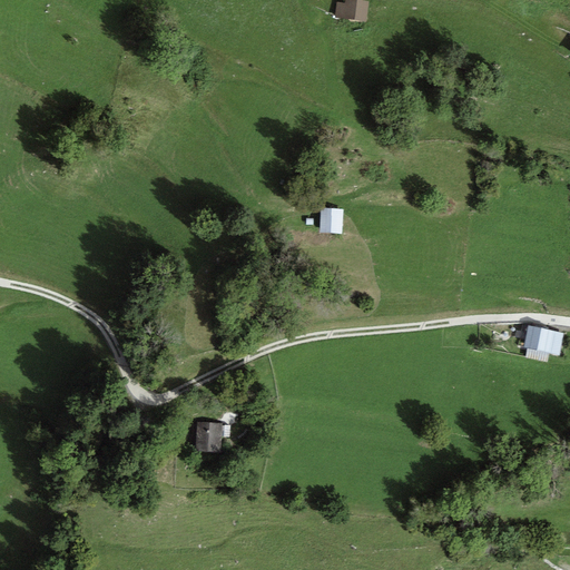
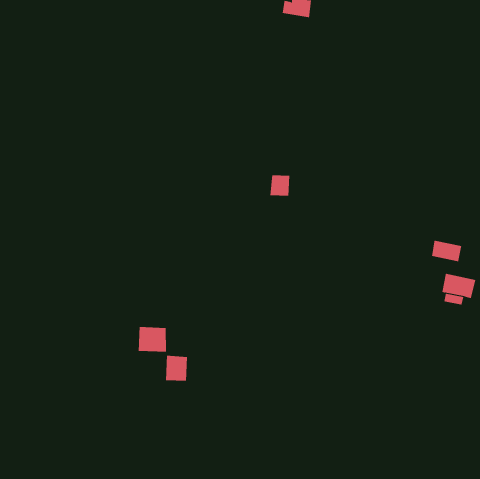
building: none -> [432,240,462,262]
building: none -> [138,326,166,353]

